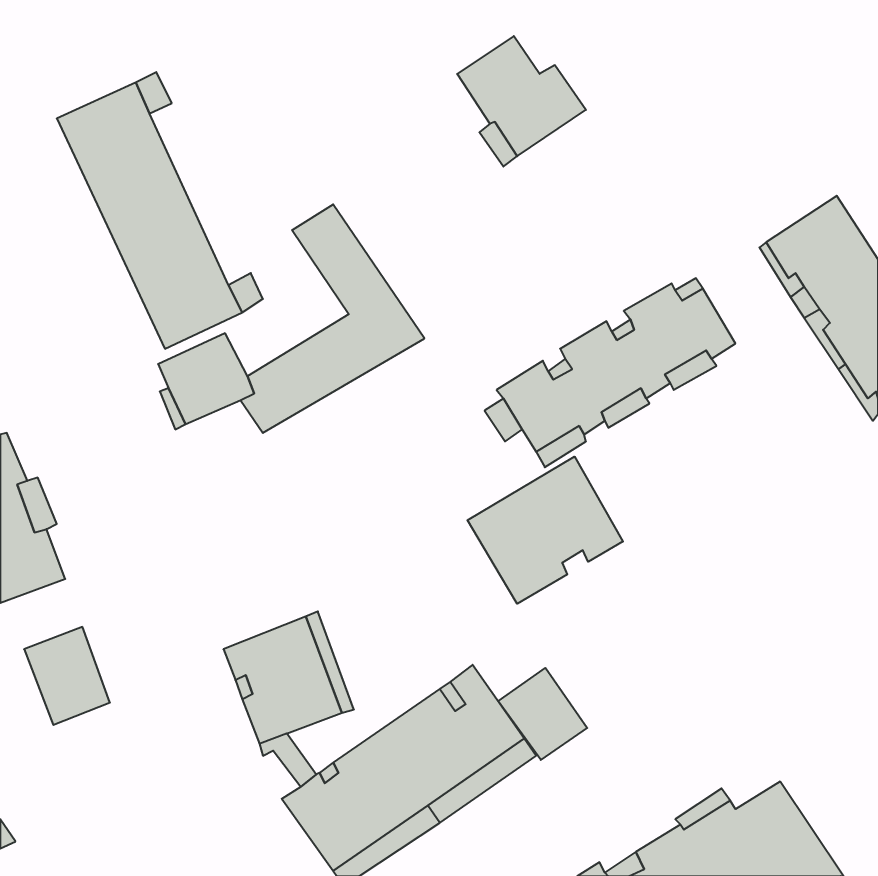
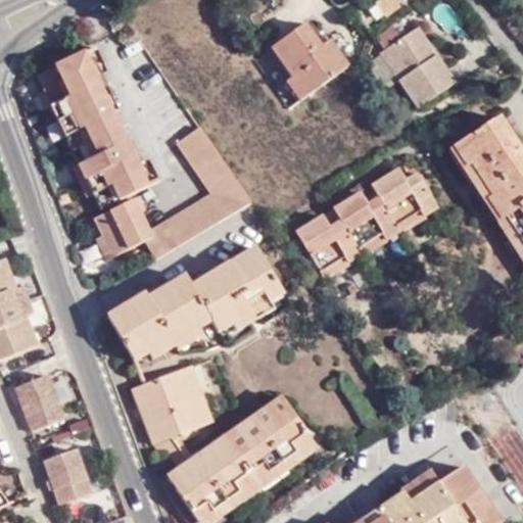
building: none -> [380,22,460,106]
building: none -> [107,246,282,359]
building: [467,457,623,604] -> none
building: [498,668,587,760] -> none
building: none -> [43,448,91,504]

